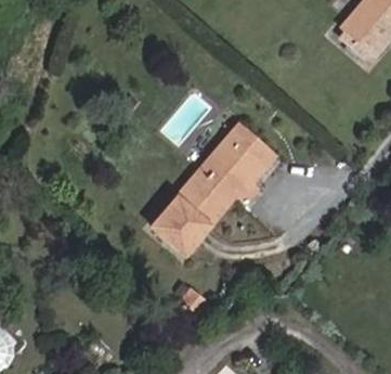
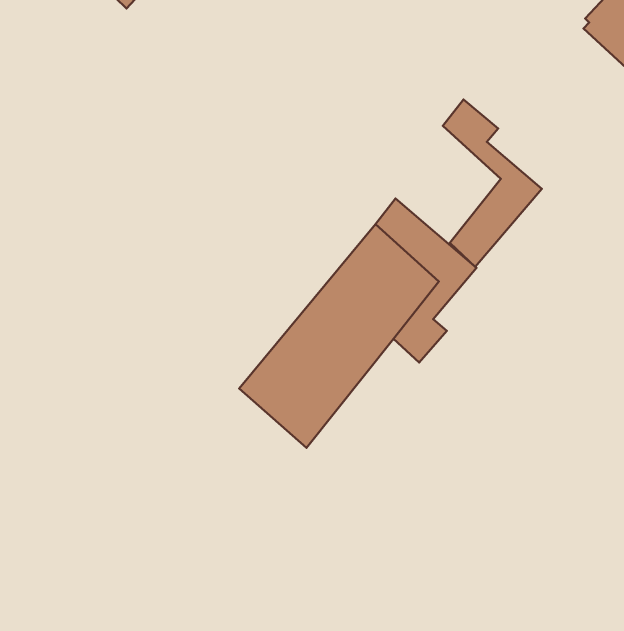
building: none -> [443,100,542,267]

